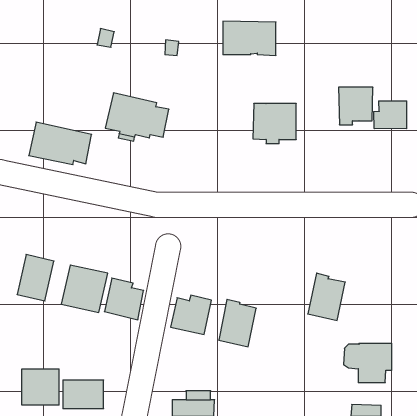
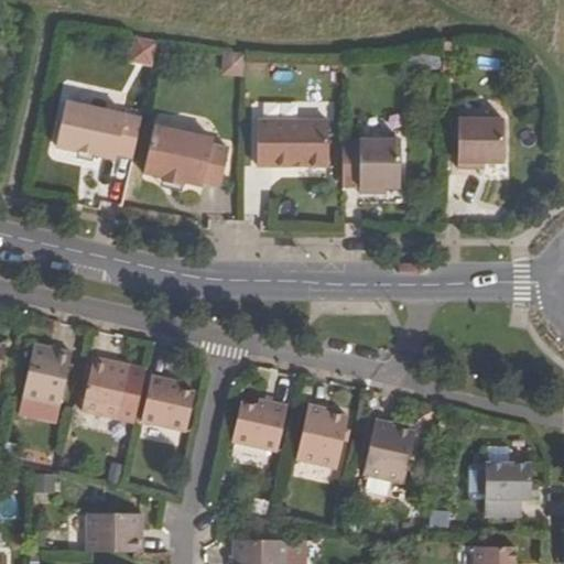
building: [223,21,276,55] -> [257,120,328,166]
building: [374,101,407,129] -> none
building: [29,122,92,165] -> [55,101,140,159]
building: [308,273,345,320] -> [365,420,415,484]
building: [22,369,59,405] -> none

